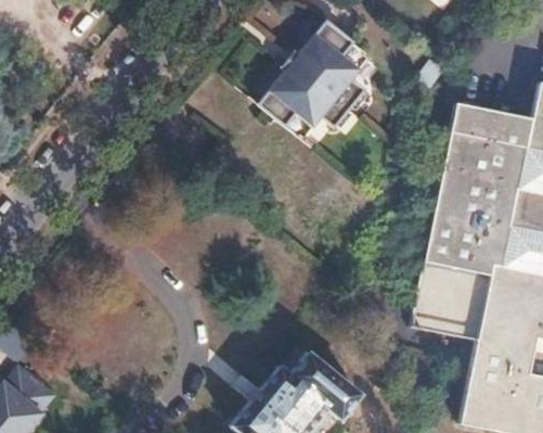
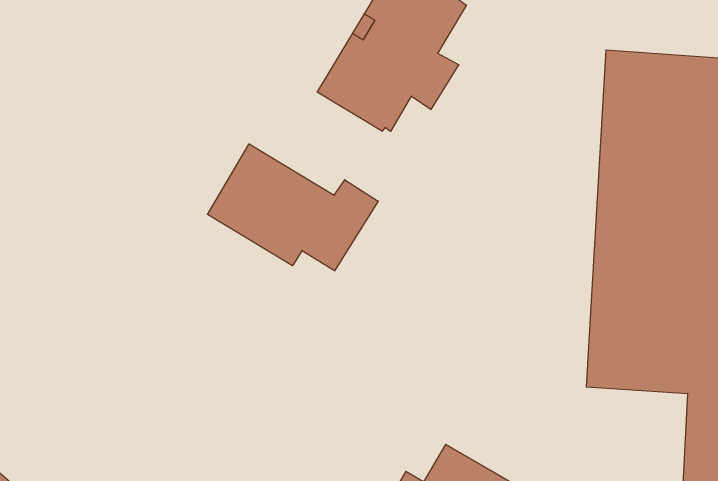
building: none -> [207,144,378,271]

